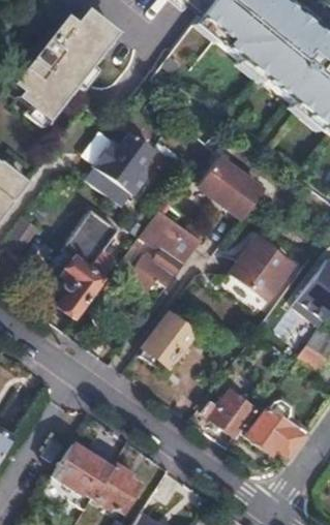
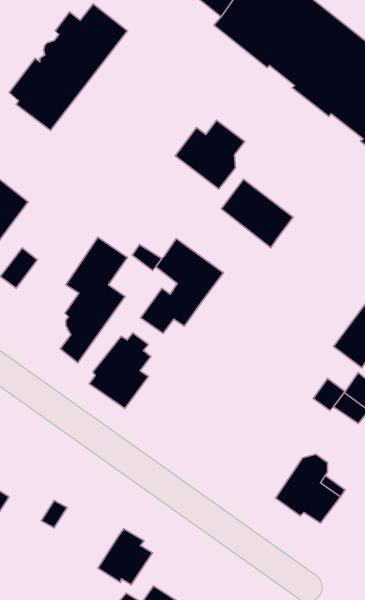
building: [92,133,153,193] -> [175,120,245,189]
building: [230,237,292,300] -> none
building: [142,310,196,376] -> [89,333,151,409]
building: [204,391,257,437] -> none
building: [48,443,111,509] -> none

